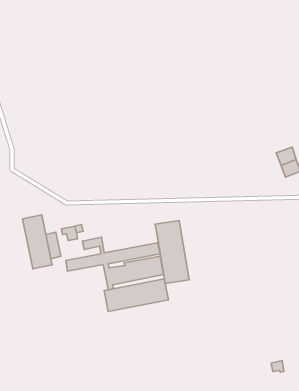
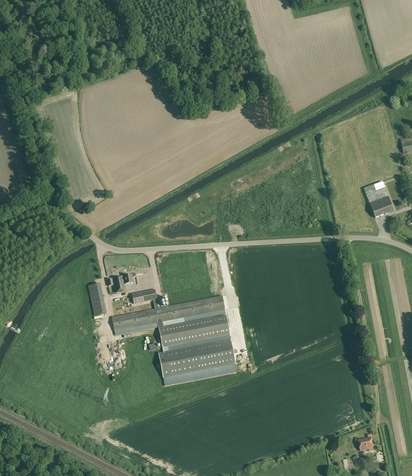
building: [22,215,52,269] -> none
building: [155,220,189,284] -> none

